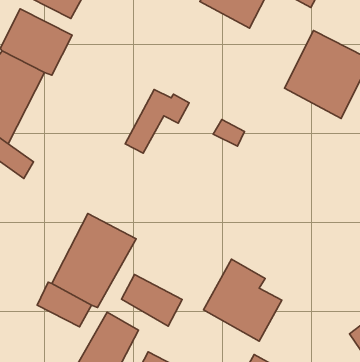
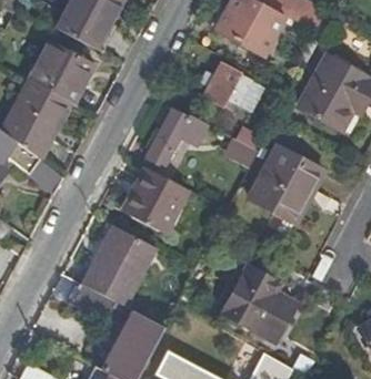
building: none -> [203,63,267,105]
building: none -> [245,146,322,225]
building: none -> [123,167,189,231]
building: [122,275,182,326] -> none

